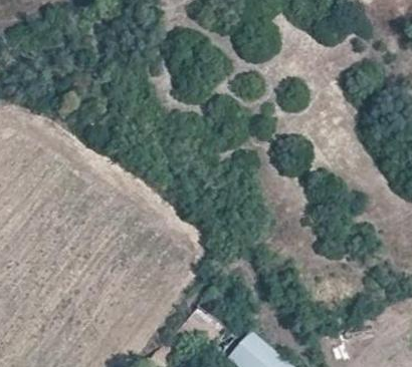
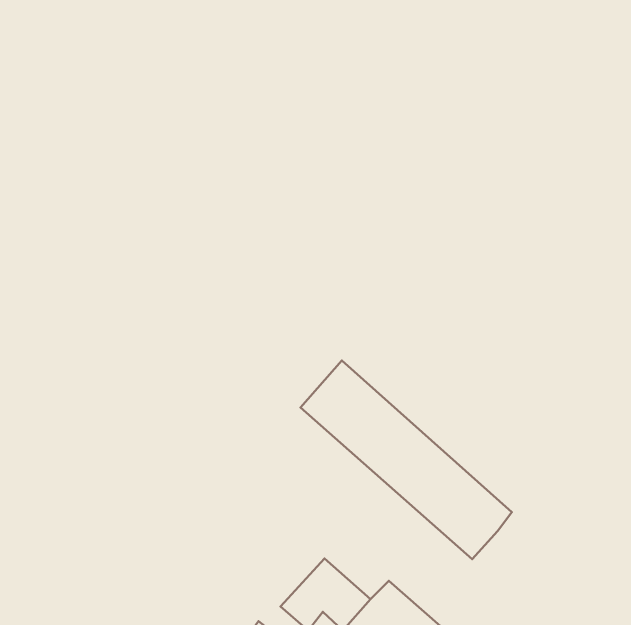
building: none -> [300,360,512,559]

